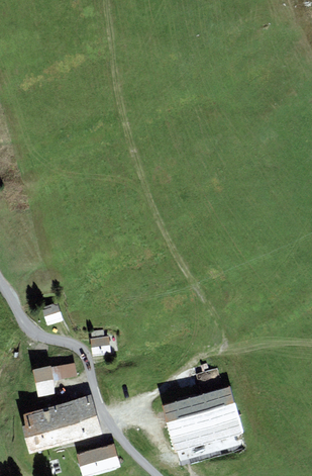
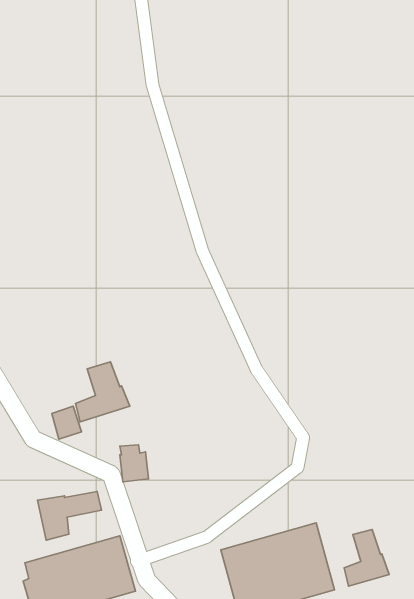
building: none -> [75,362,130,422]
building: none -> [344,529,389,586]

